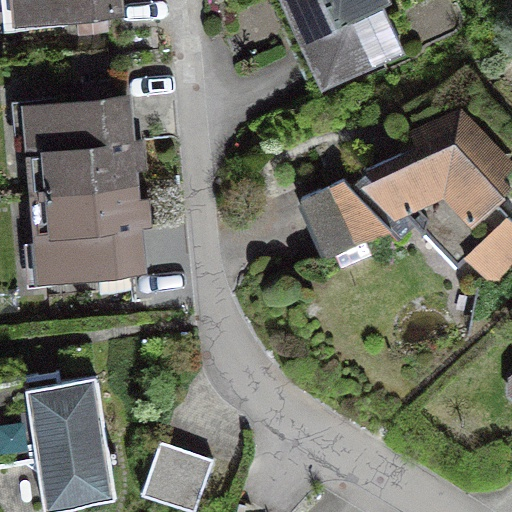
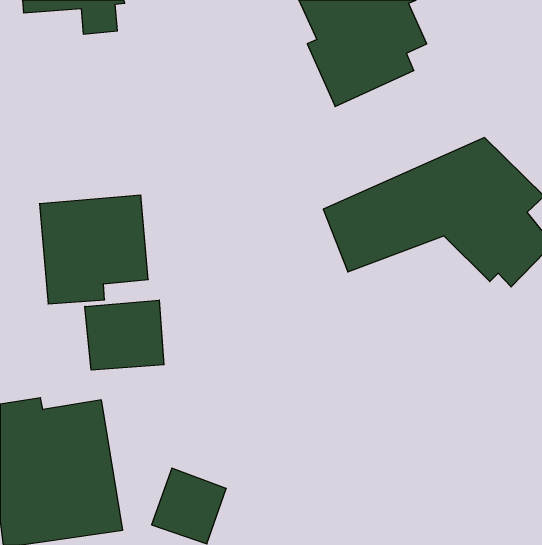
building: [34,80,135,191] -> none
building: none -> [85,300,164,370]

